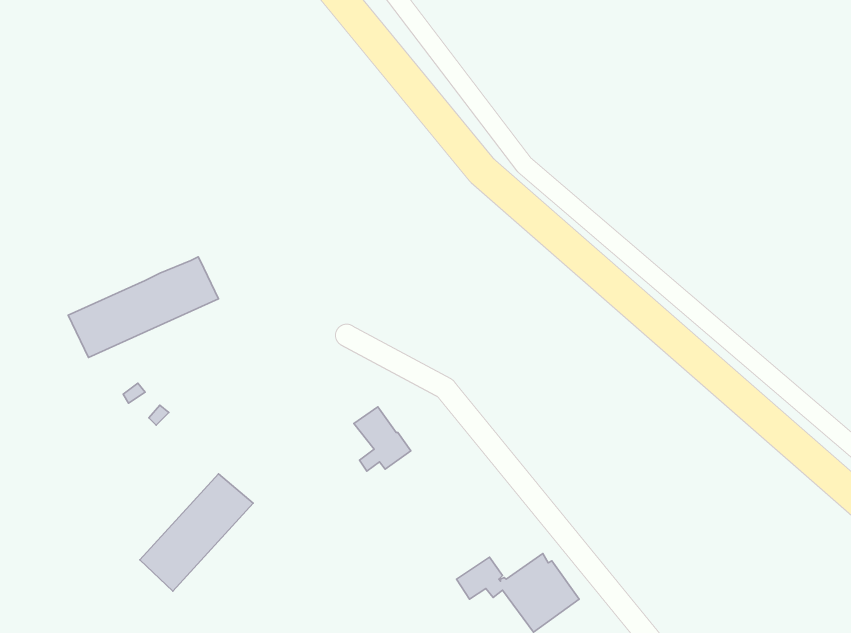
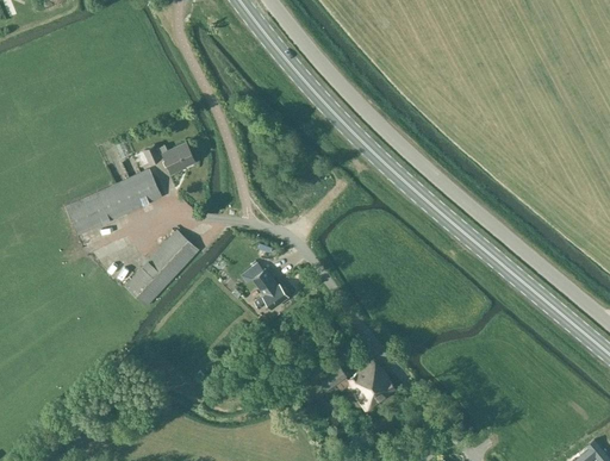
building: none -> [142,141,195,174]
building: [140,474,253,591] -> [125,230,199,306]

